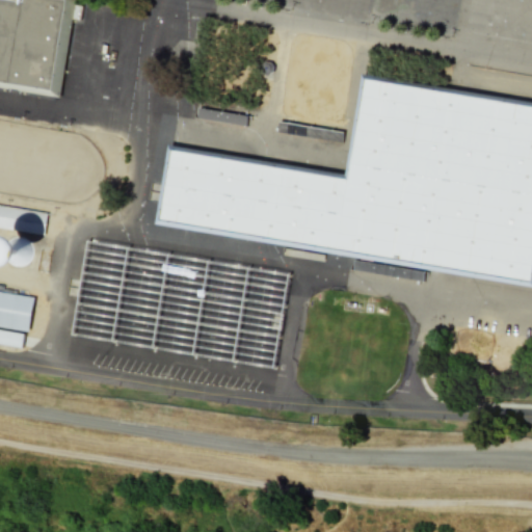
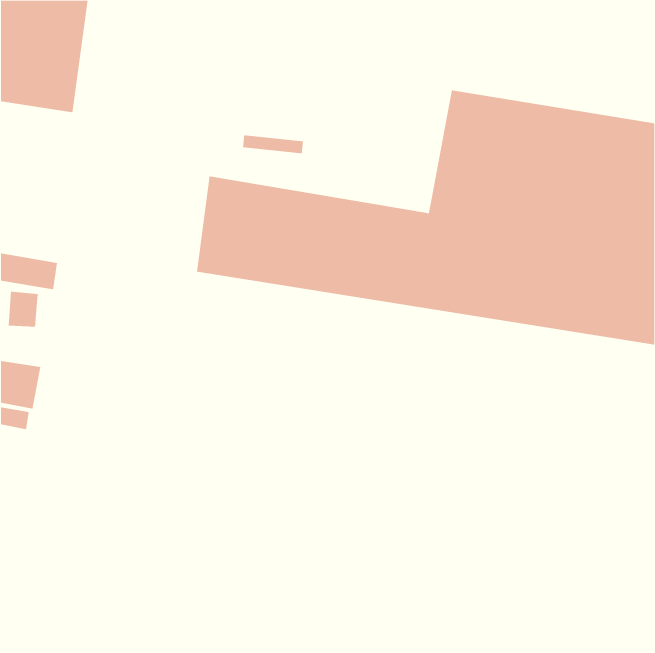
building: [73,246,288,368] -> none

